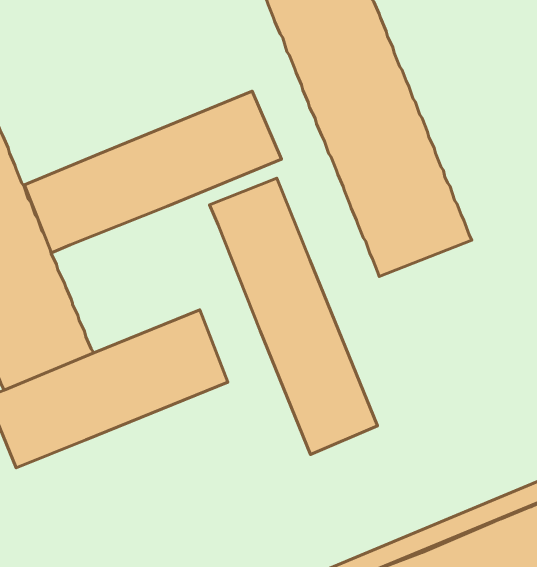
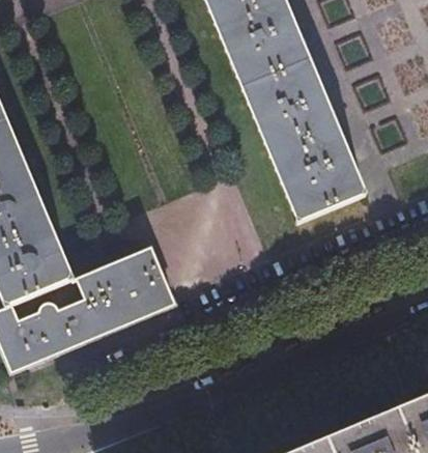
building: [24,91,281,253] -> none
building: [210,178,377,455] -> none

